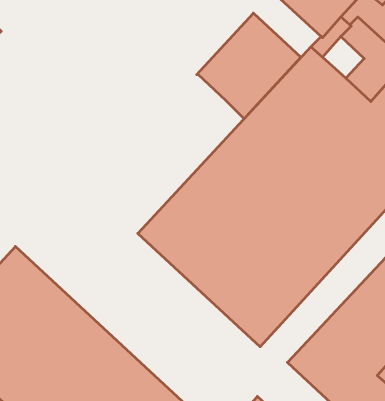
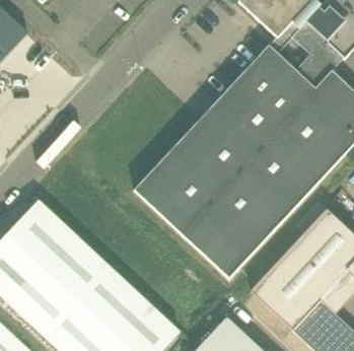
building: [197,13,301,119] -> none
building: none -> [278,37,310,69]

